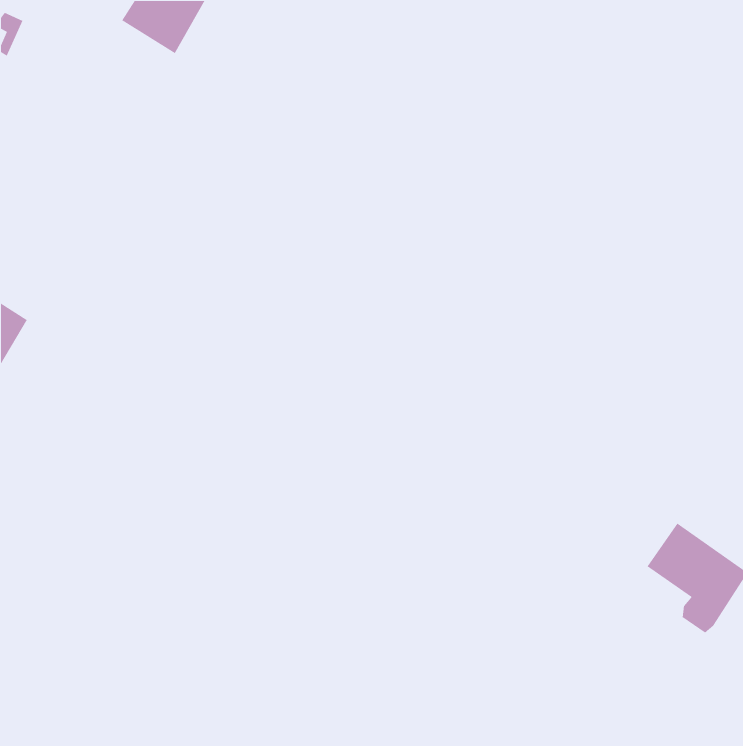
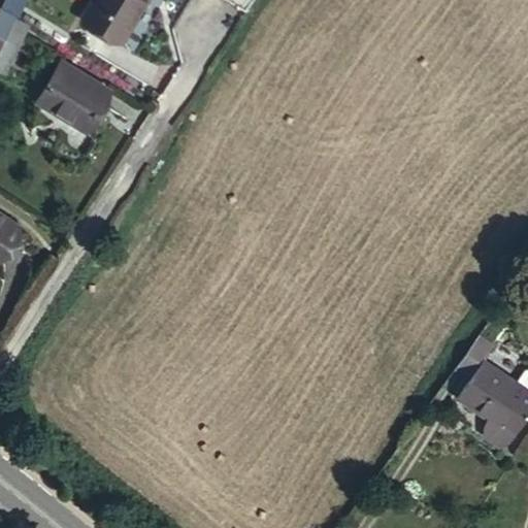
building: none -> [37,64,108,132]

